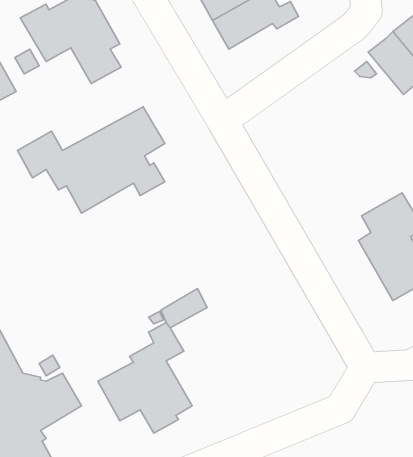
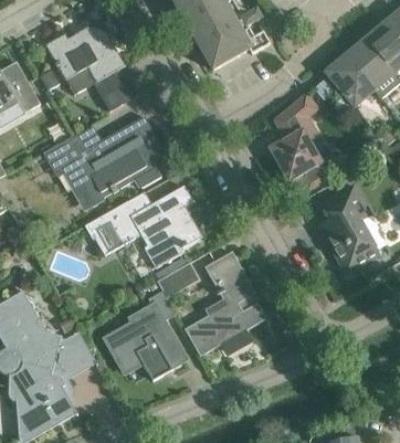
building: none -> [269,94,328,190]
building: none -> [83,186,197,267]
building: none -> [183,251,265,356]

